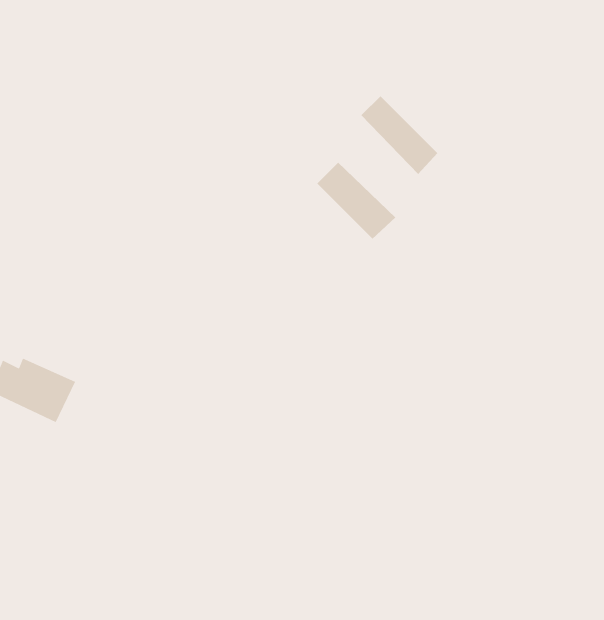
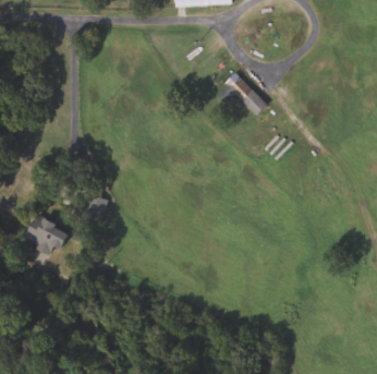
building: [316,162,396,240] -> none

